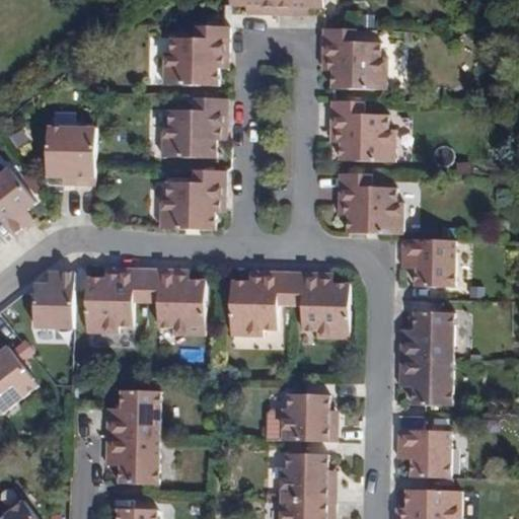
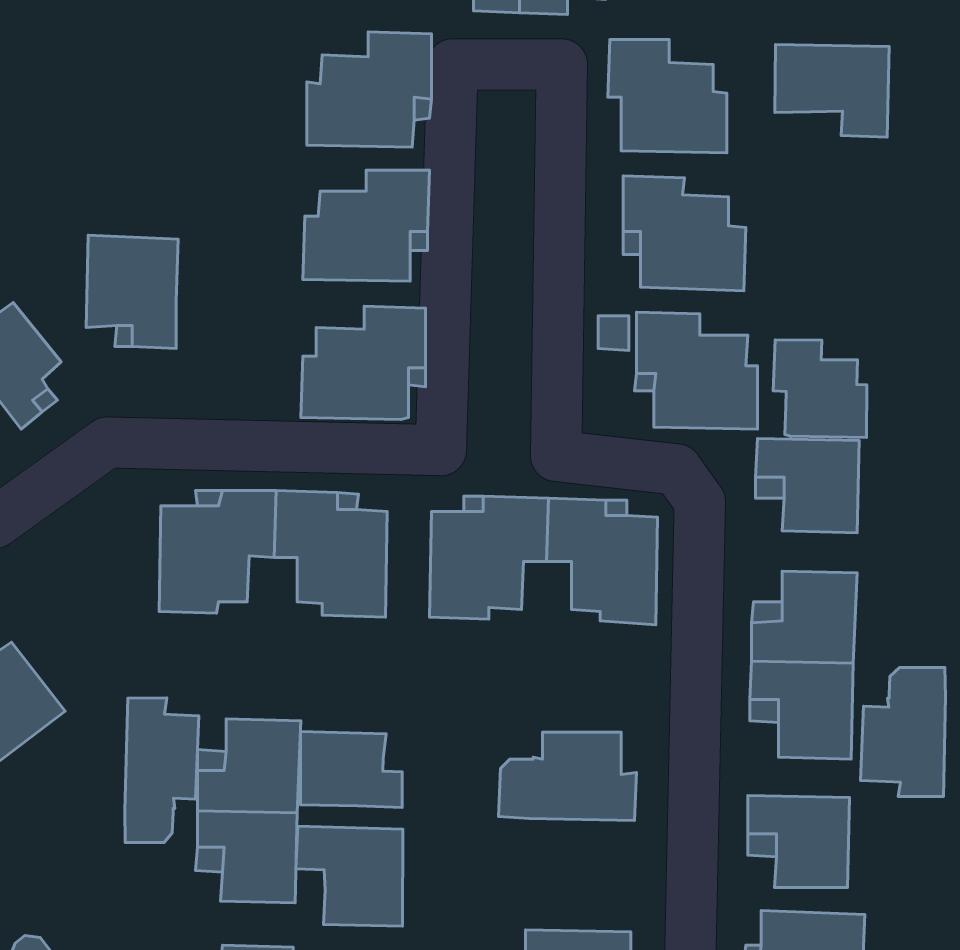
building: none -> [775,45,889,137]
building: none -> [773,340,867,438]
building: [32,269,74,326] -> none
building: none -> [861,668,945,797]
building: none -> [125,698,199,843]
building: none -> [300,732,402,808]
building: none -> [296,826,403,926]
building: [279,454,336,500] -> none

